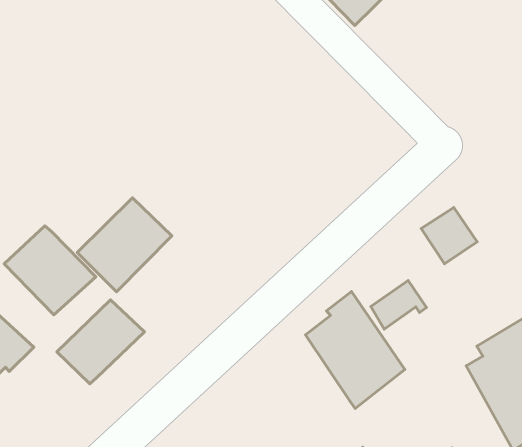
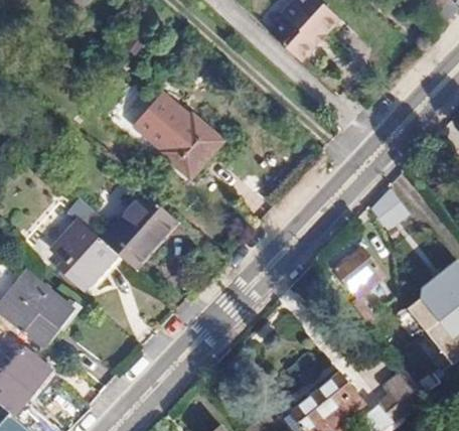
building: none -> [128,88,220,176]
building: [305,292,405,409] -> none
building: [57,300,144,384] -> none

